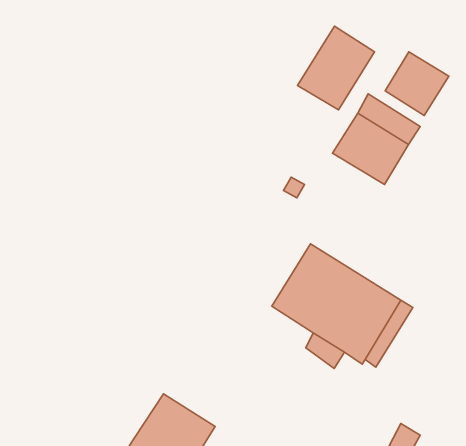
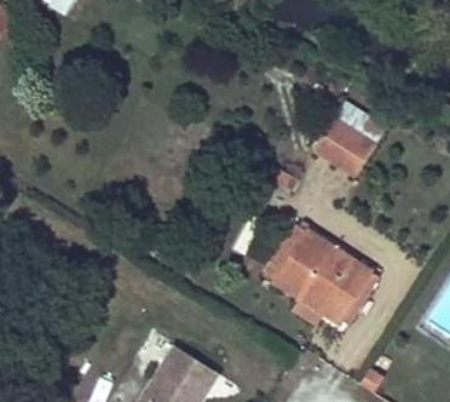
building: [297,26,374,110] -> none
building: [385,52,449,115] -> none

